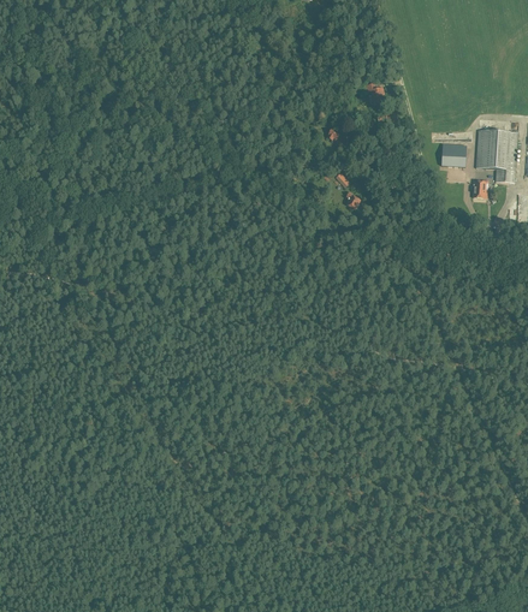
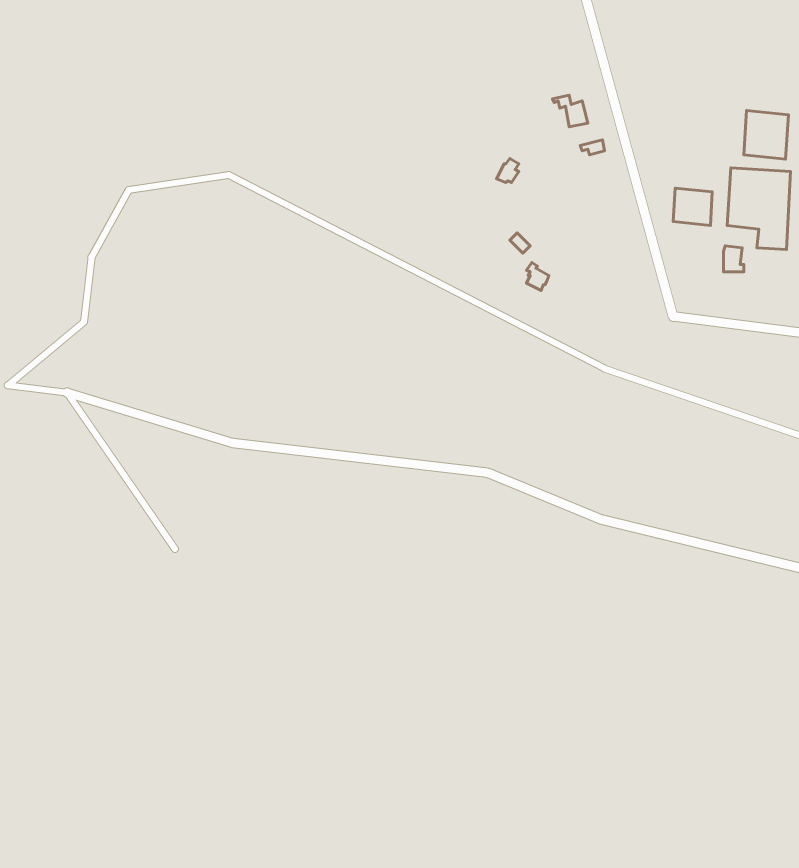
building: none -> [744,111,788,159]

